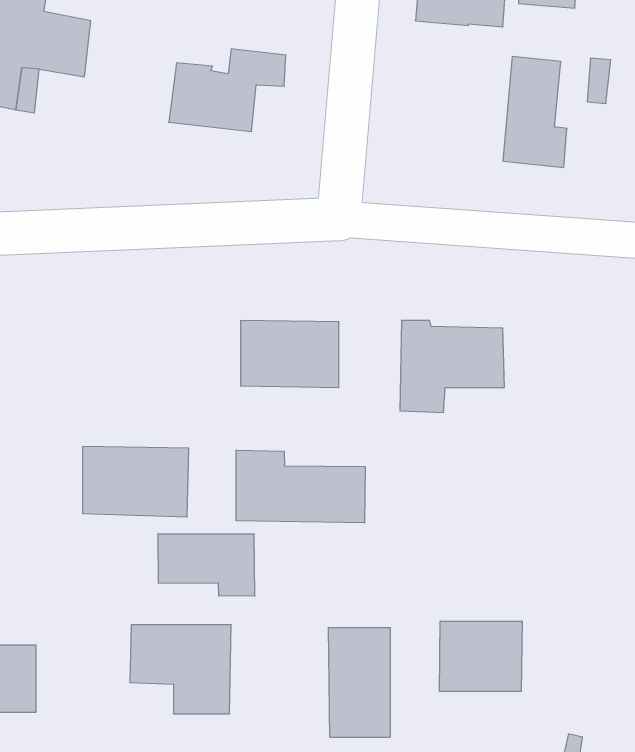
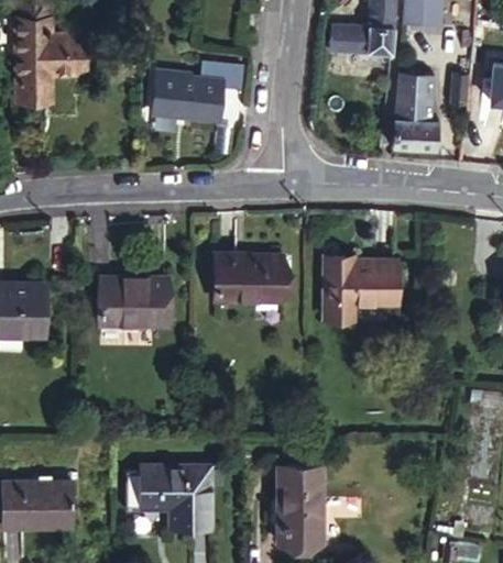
building: [83,447,189,517] -> [94,278,168,328]
building: [236,450,365,523] -> none
building: [158,534,255,596] -> none
building: [439,621,522,691] -> none

